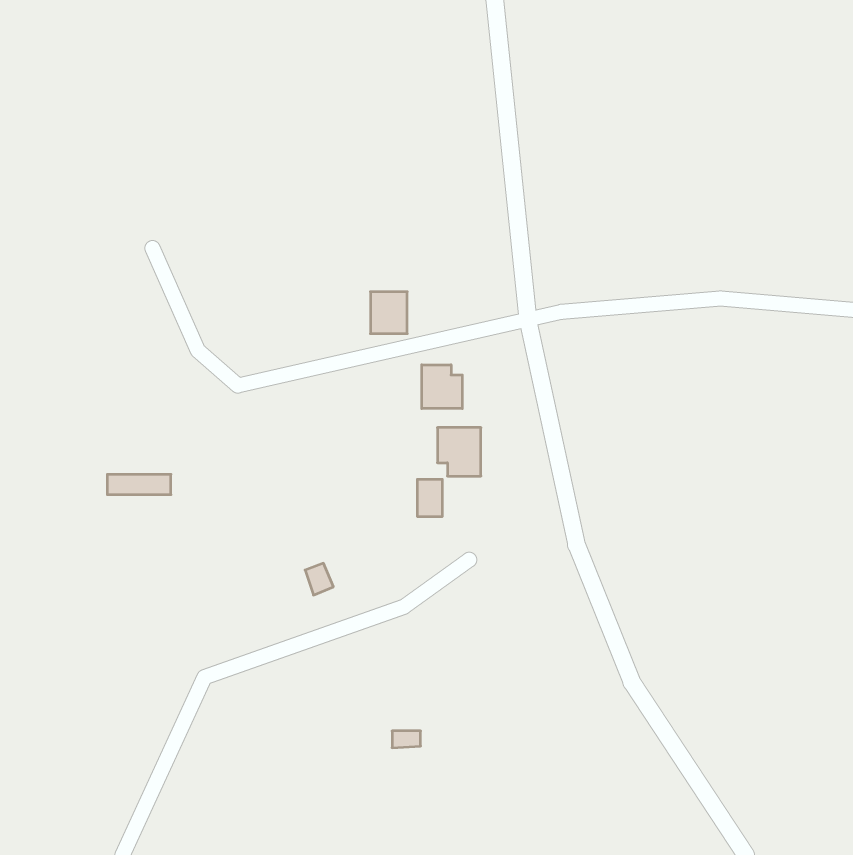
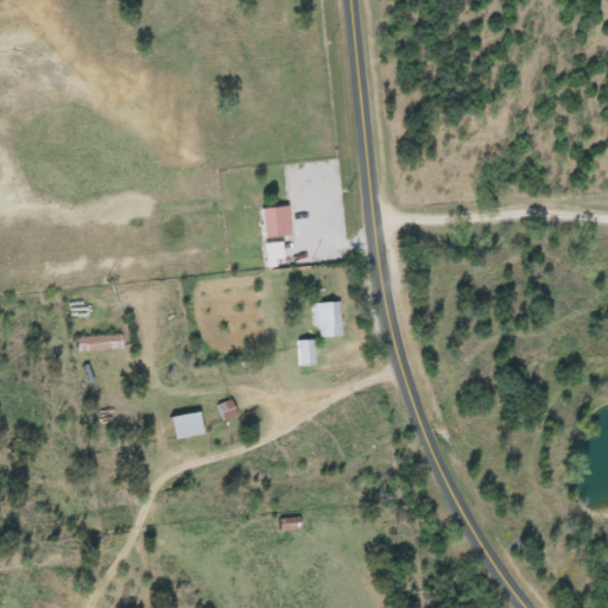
building: [422,365,462,409] -> none
building: none -> [172,412,204,438]

